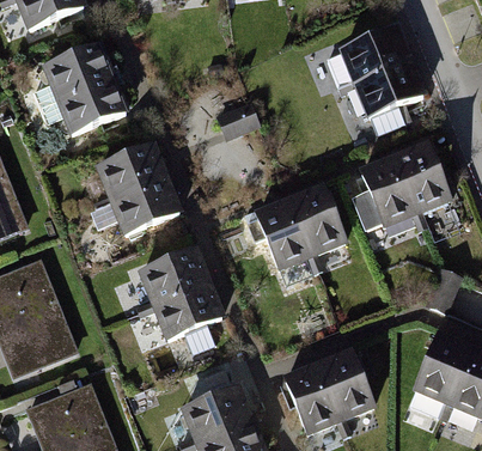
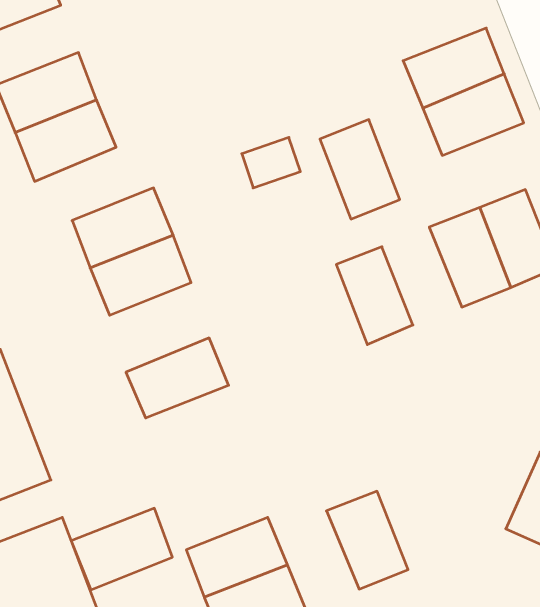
building: [254,197,312,270] -> [320,120,400,219]
building: [150,286,224,346] -> [71,508,172,590]
building: [319,351,376,421] -> none

